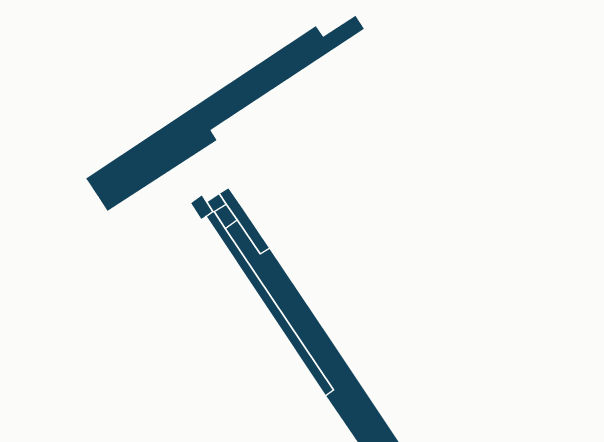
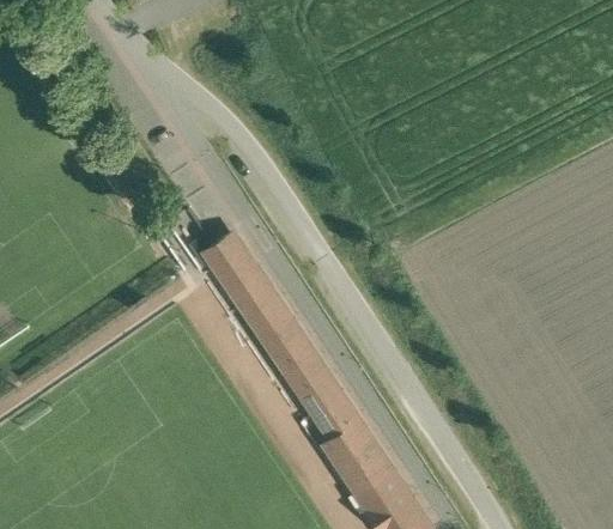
building: [85,15,365,212] -> none

